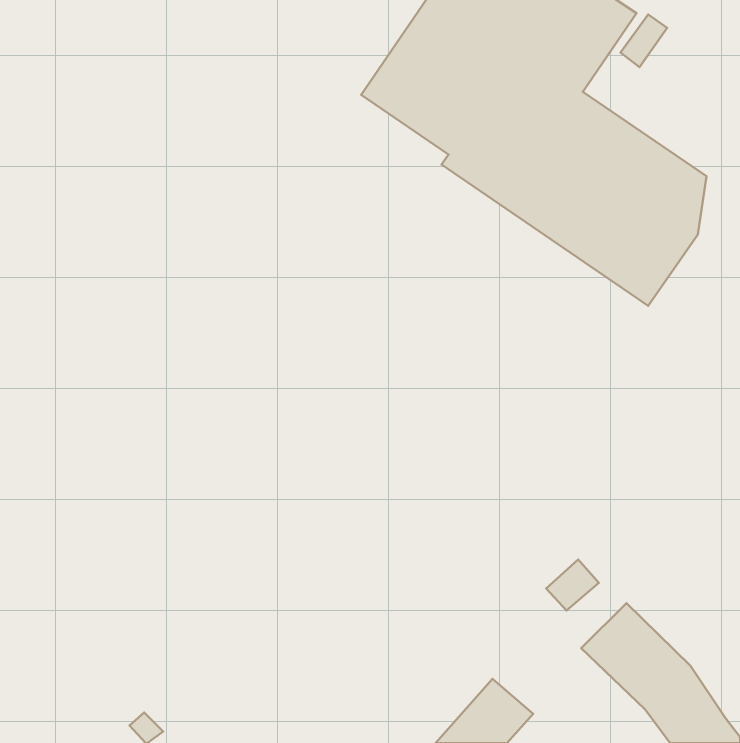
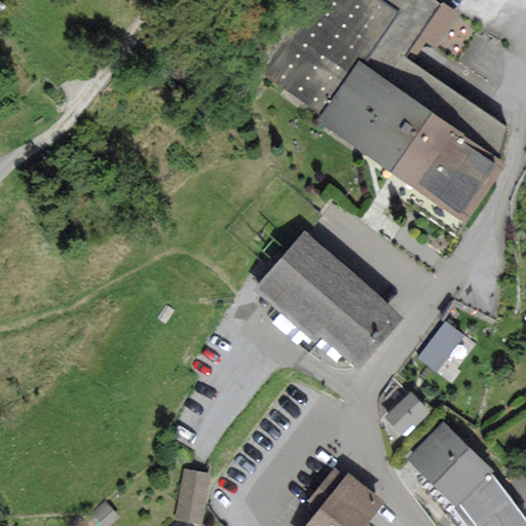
building: none -> [262,237,396,364]
building: none -> [419,324,469,378]
building: none -> [176,469,206,520]

